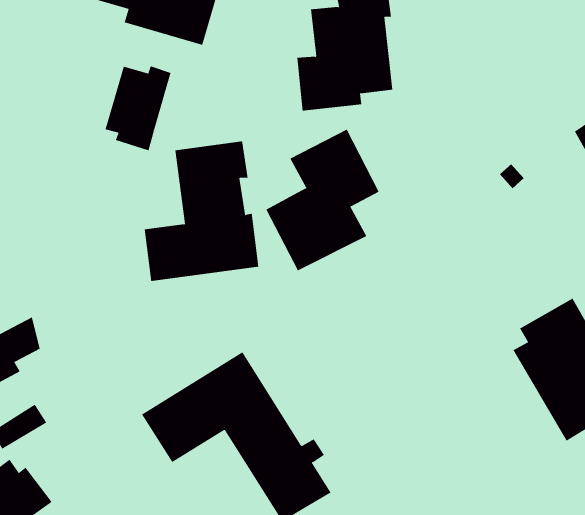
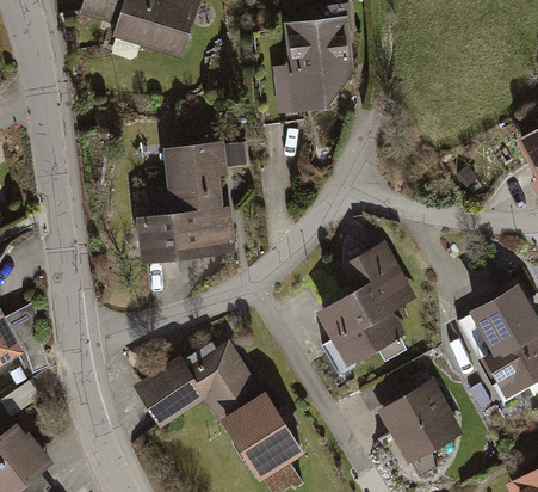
building: [105,65,171,151] -> none
building: [265,129,379,271] -> [315,241,416,368]
building: none -> [375,377,460,462]

